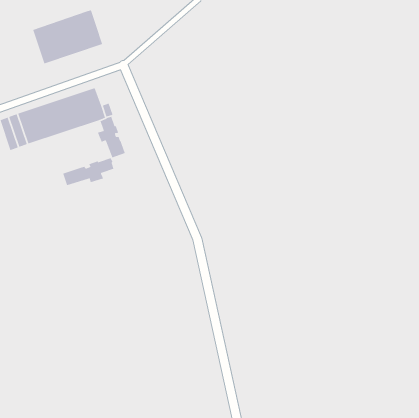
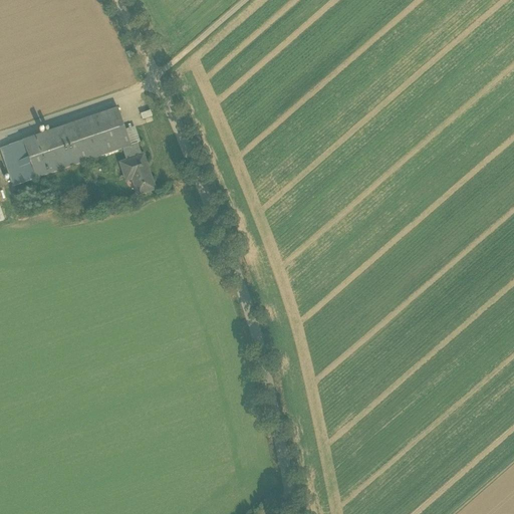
building: [32,9,103,65] -> none
building: [62,157,114,186] -> none

